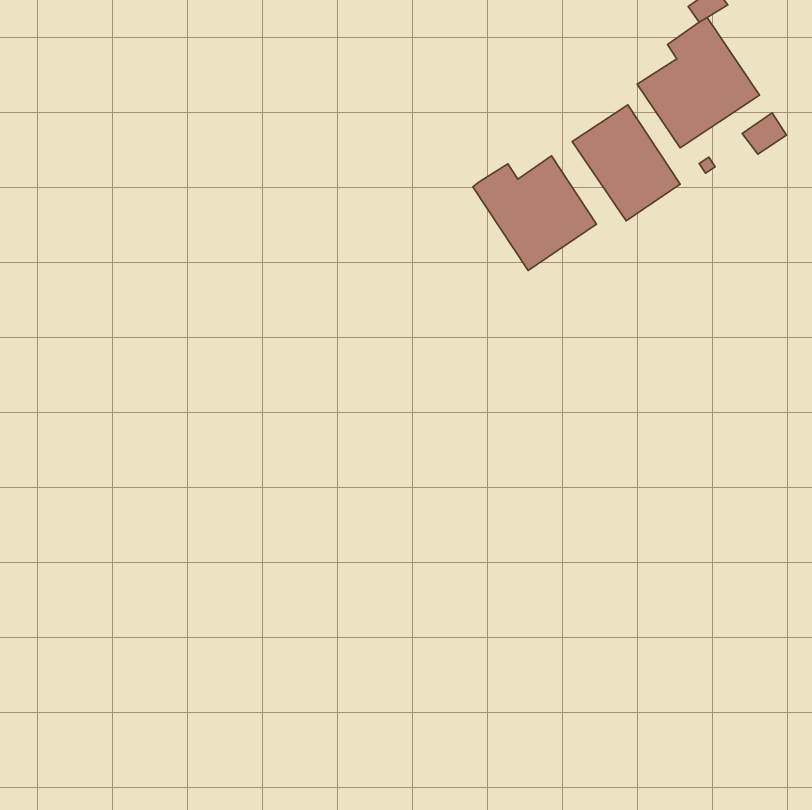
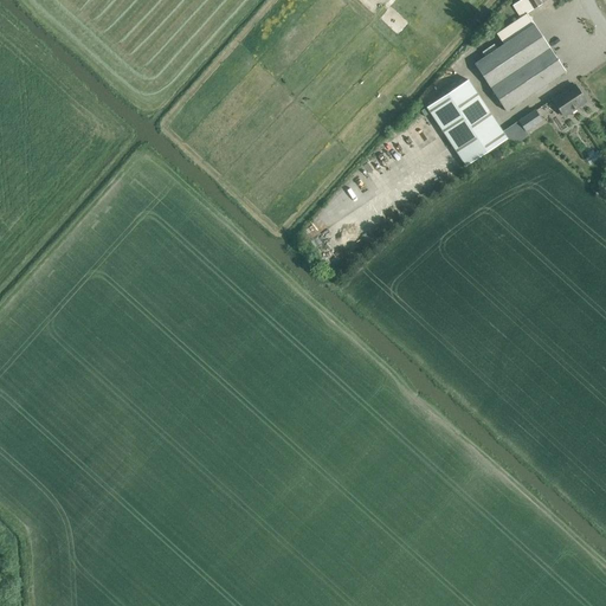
building: [473,156,597,271] -> none

